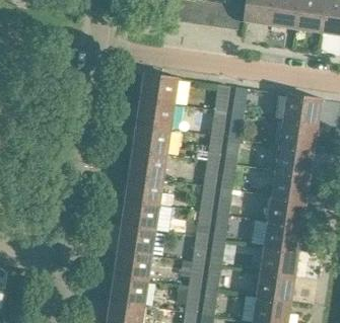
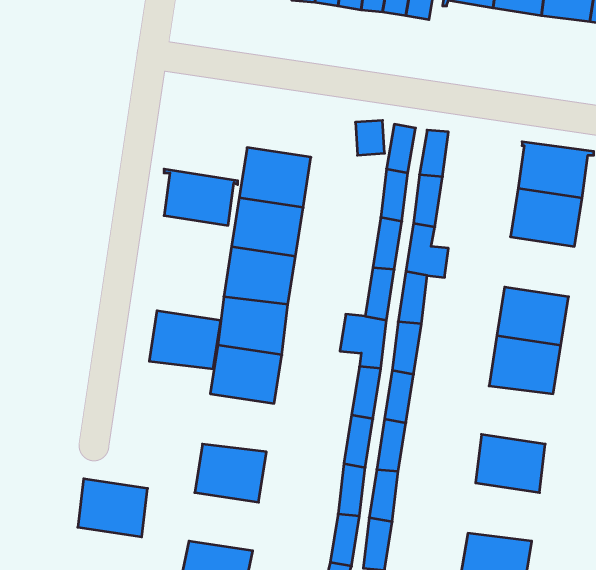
building: [141,73,180,102] -> [164,169,238,225]
building: [276,144,313,175] -> none
building: [264,222,301,252] -> none
building: [118,226,155,256] -> [149,311,221,369]
building: [257,272,294,303] -> none
building: [111,277,147,308] -> [78,479,148,537]

